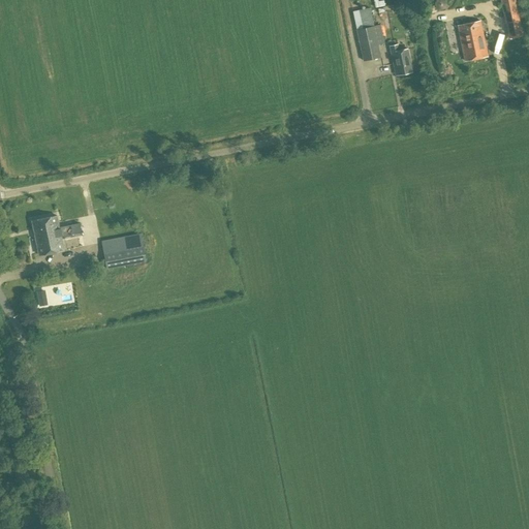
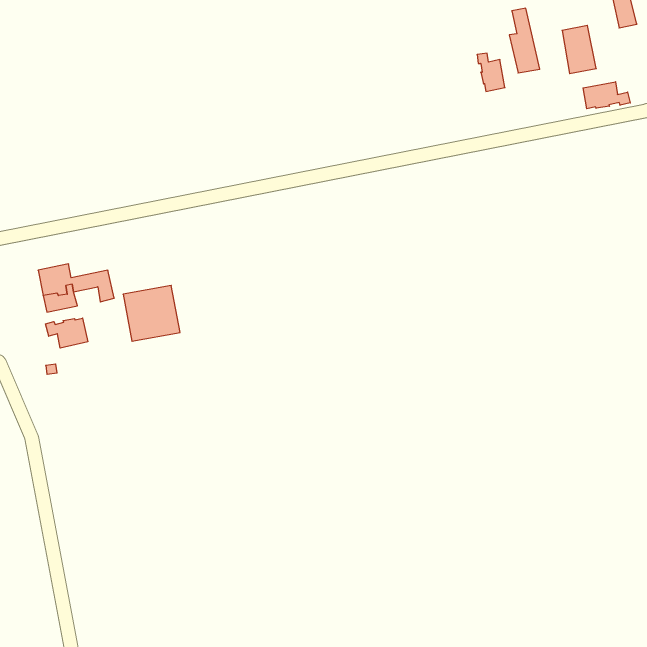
building: [355,7,380,60] -> [509,8,540,73]
building: none -> [583,82,630,109]
building: none -> [45,318,88,348]

